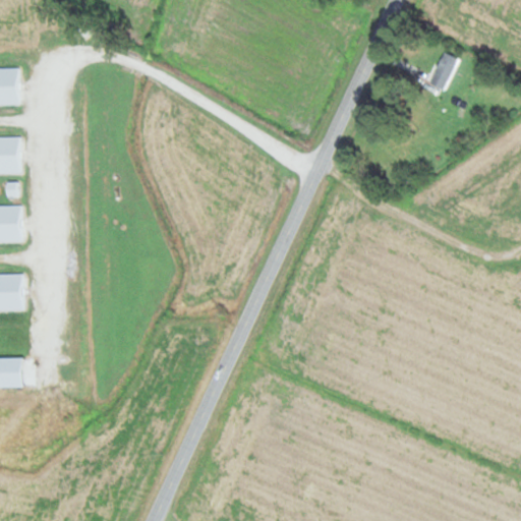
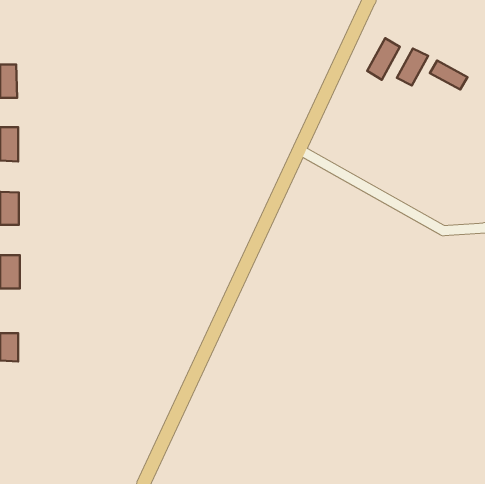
building: none -> [367,38,400,80]
building: none -> [430,61,468,90]

